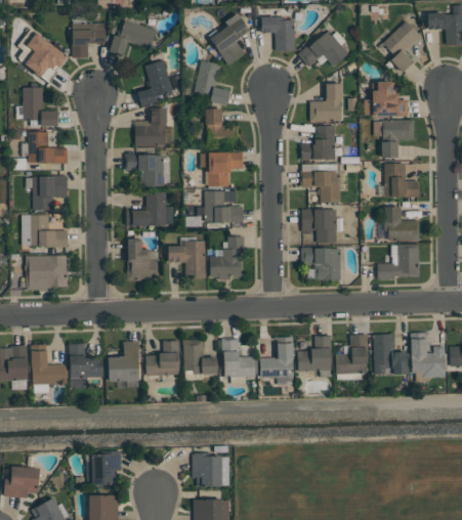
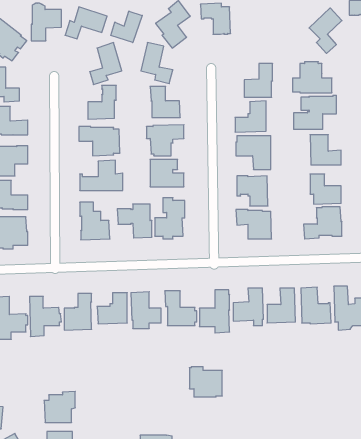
building: none -> [111,11,142,43]
building: [298,30,348,67] -> none
building: [193,452,229,486] -> [189,367,222,397]

